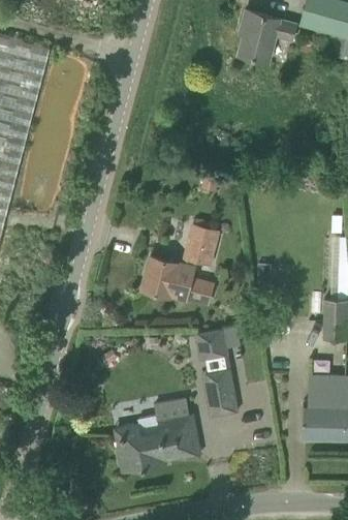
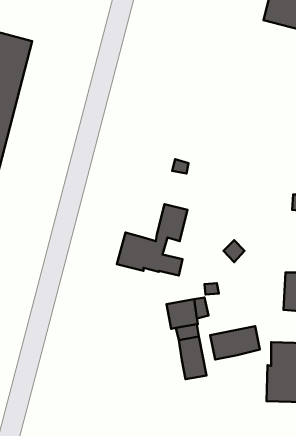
building: [238,10,294,62] -> none
building: none -> [210,326,260,359]
building: [114,398,200,471] -> none

